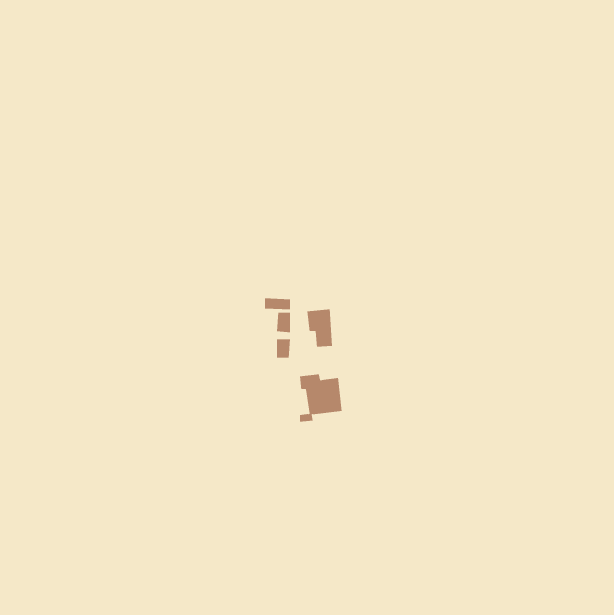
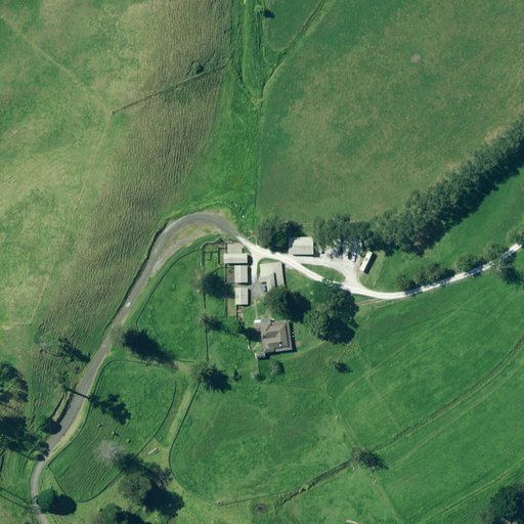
building: none -> [289,236,314,254]

